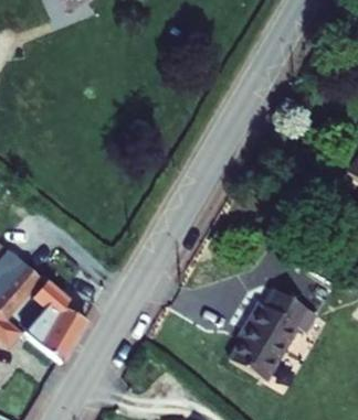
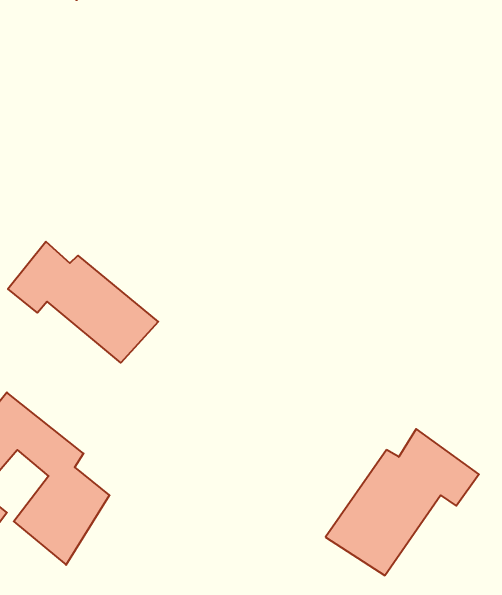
building: none -> [8,242,158,363]

